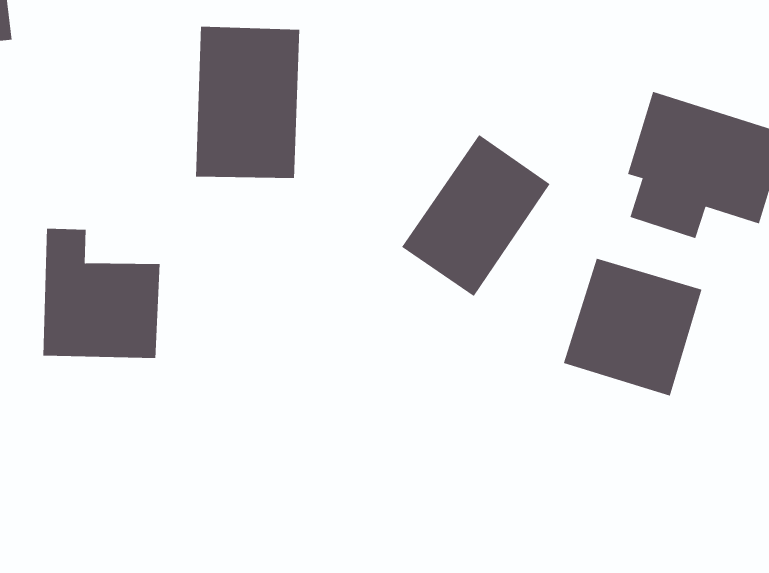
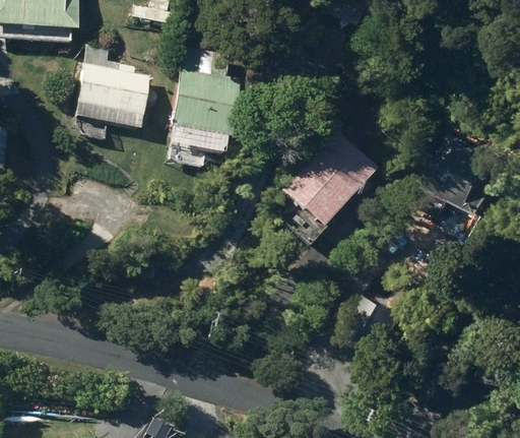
building: [43,228,161,358] -> [74,46,152,133]
building: [563,258,702,396] -> none

